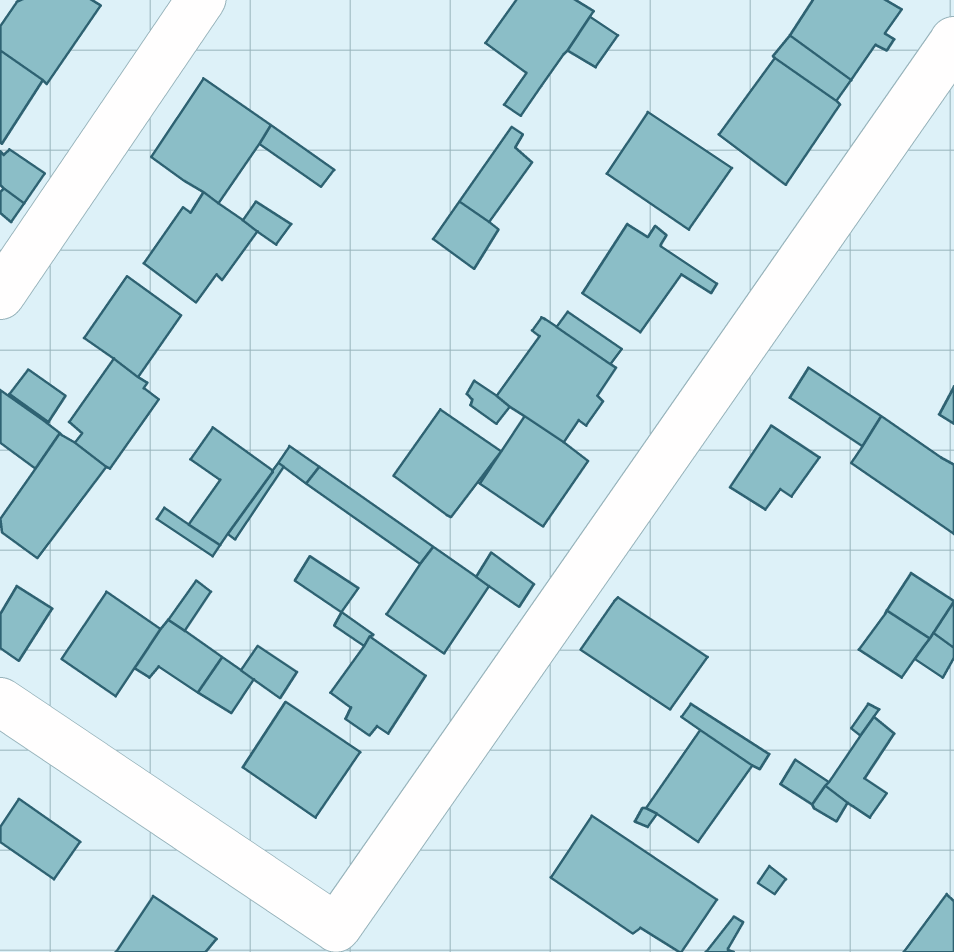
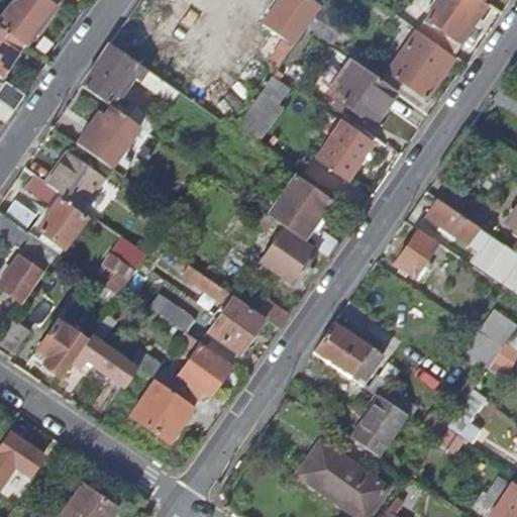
building: [394,409,501,517] -> none

